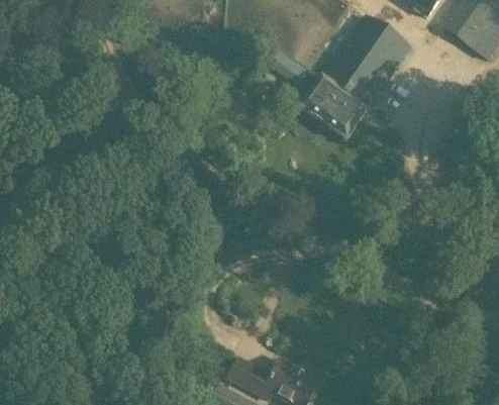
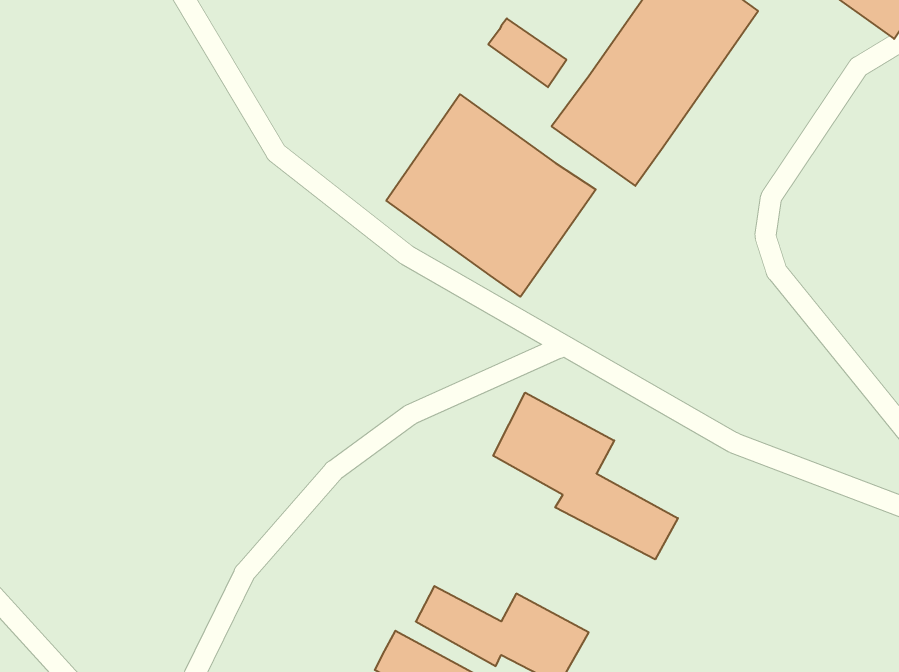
building: none -> [386,94,596,297]
building: none -> [493,393,678,559]

